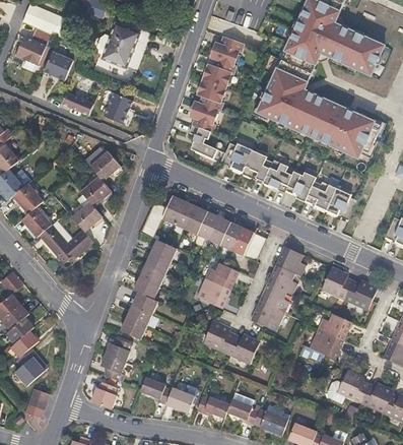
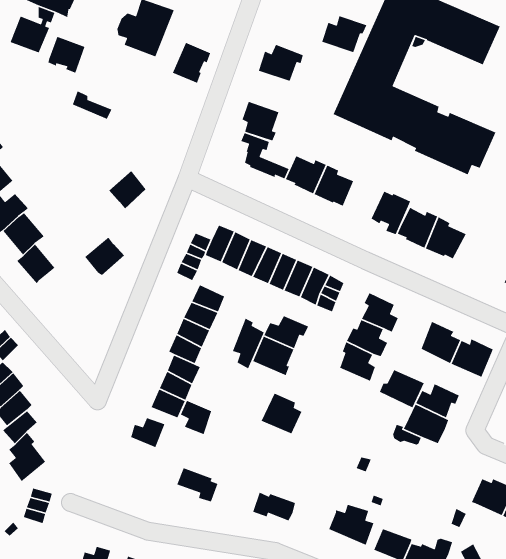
building: [209,37,244,65] -> [321,15,367,53]
building: [196,78,225,110] -> none
building: [104,92,133,124] -> [172,42,211,84]
building: [264,158,294,189] -> none
building: [80,177,110,207] -> none
building: [38,226,91,263] -> none
building: none -> [232,318,265,369]
building: [251,301,285,330] -> [379,369,425,409]
building: [226,332,260,362] -> none
building: [100,353,125,379] -> [180,400,212,435]
building: [327,370,368,404] -> none
building: [91,381,117,407] -> none
building: [166,381,199,410] -> none
building: [227,396,259,423] -> none

